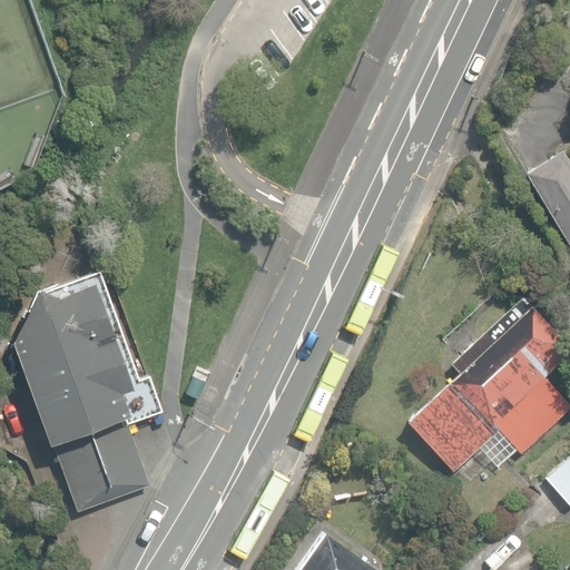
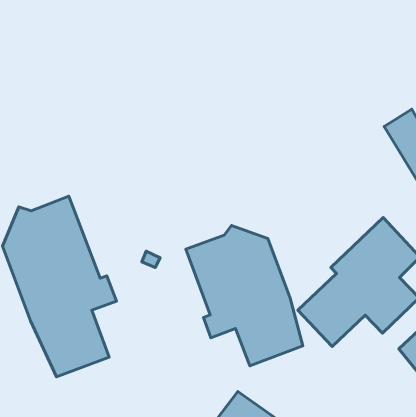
building: none -> [186,226,303,366]

